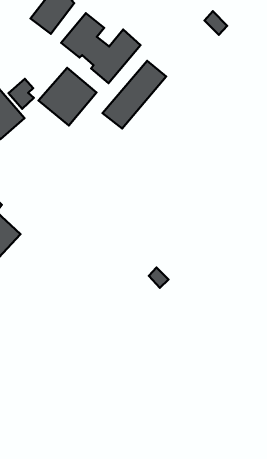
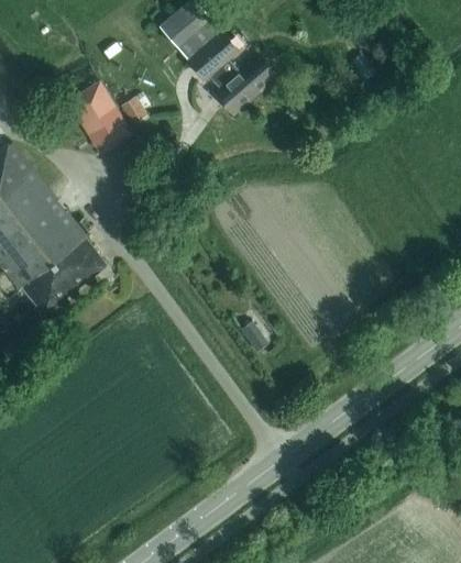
building: [102,61,166,129] -> none
building: [38,68,97,125] -> none

